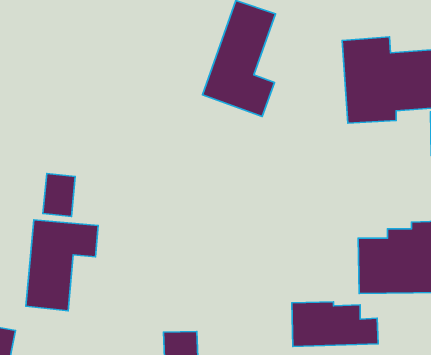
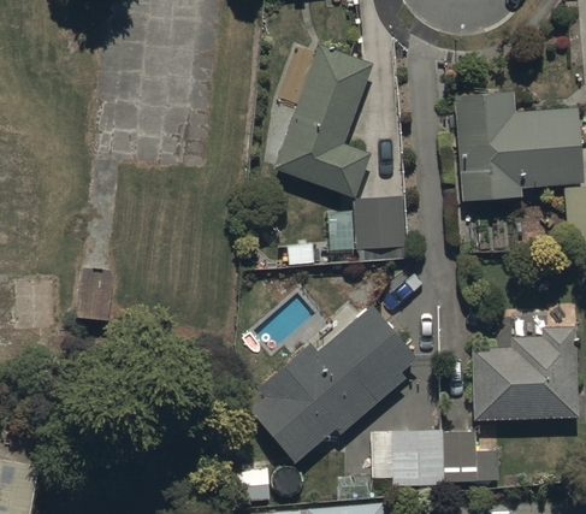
building: none -> [326,196,407,260]
building: none -> [251,305,416,462]
building: [26,220,98,311] -> none

